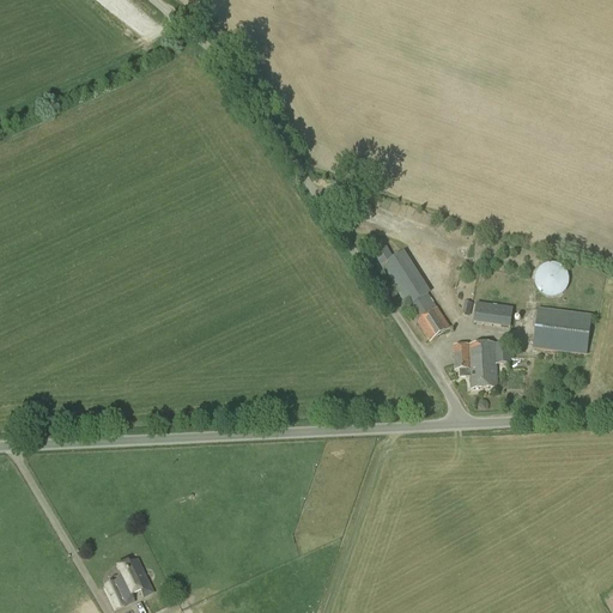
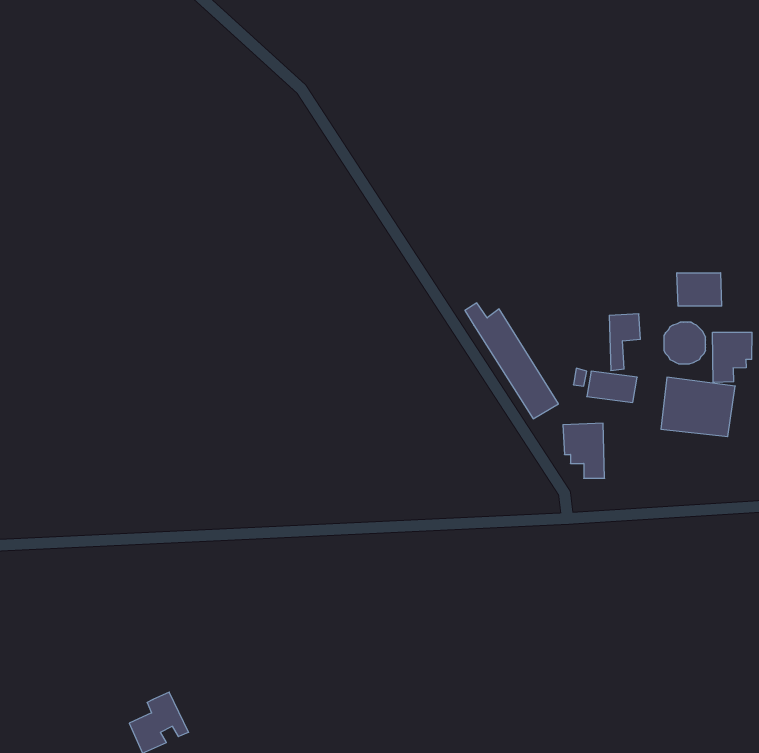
building: none -> [677,273,722,306]
building: none -> [713,332,752,382]
building: [486,340,511,386] -> [609,314,640,370]

